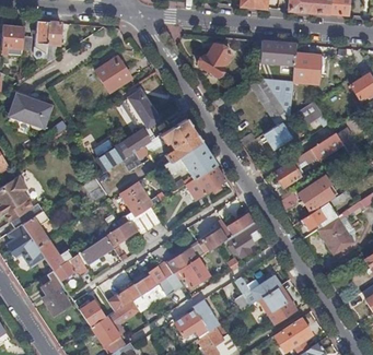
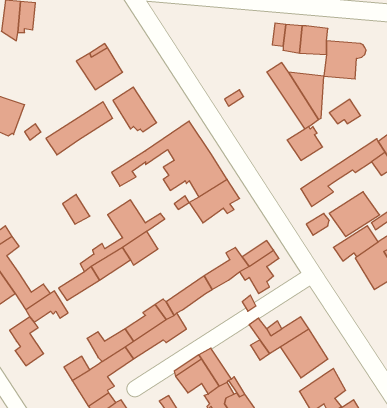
building: [199,43,231,75] -> none
building: [96,129,150,171] -> [46,102,113,155]
building: [179,257,209,287] -> none

